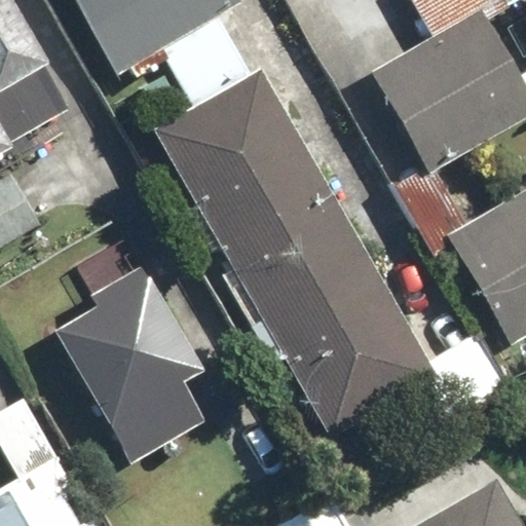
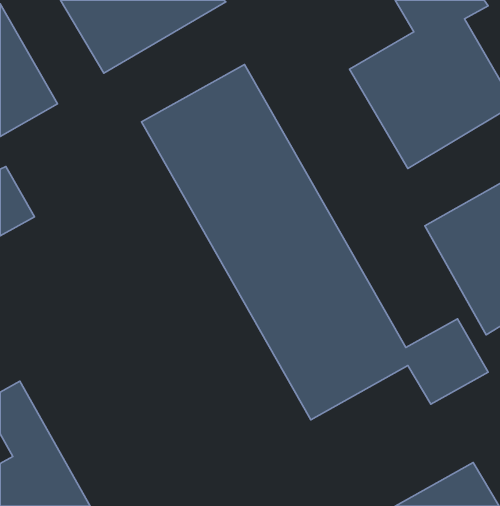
building: [51,263,205,463] -> none

